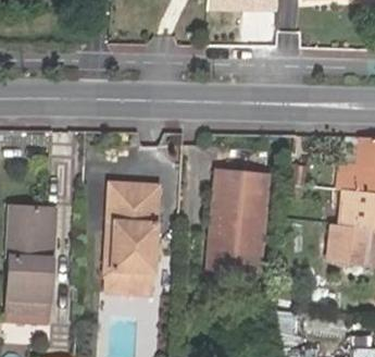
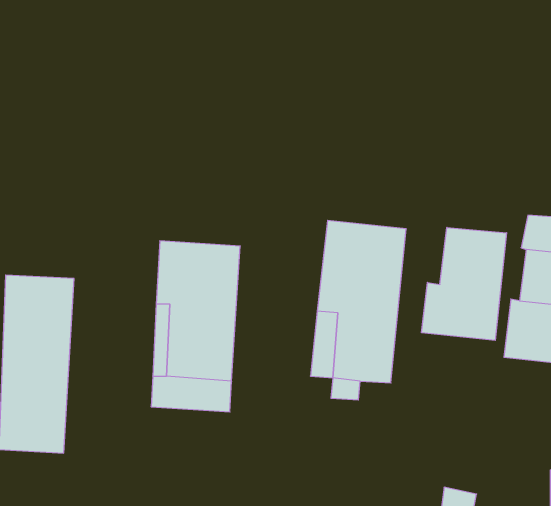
building: none -> [422,227,507,340]

